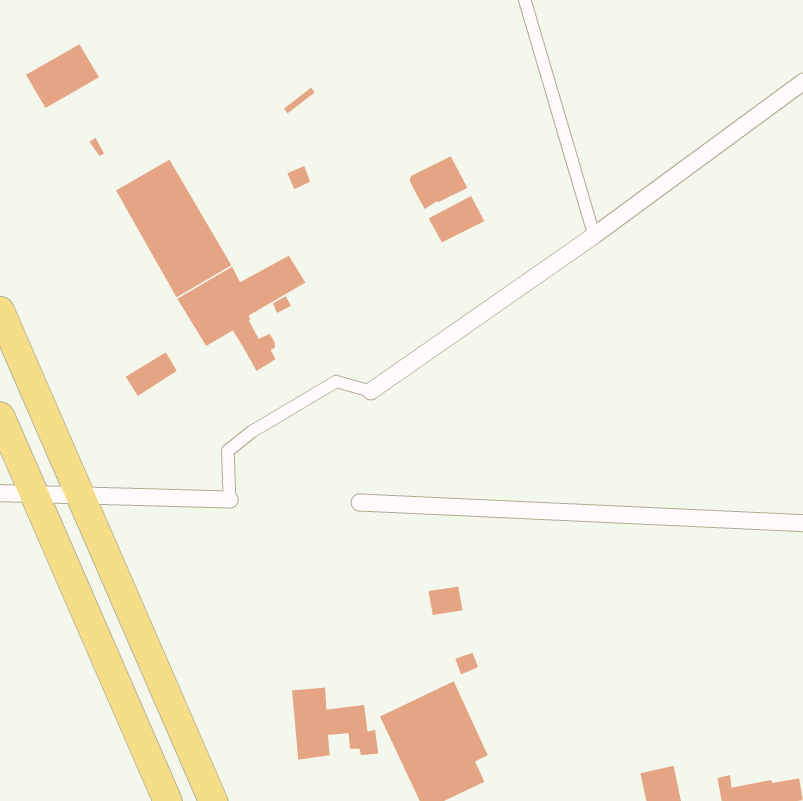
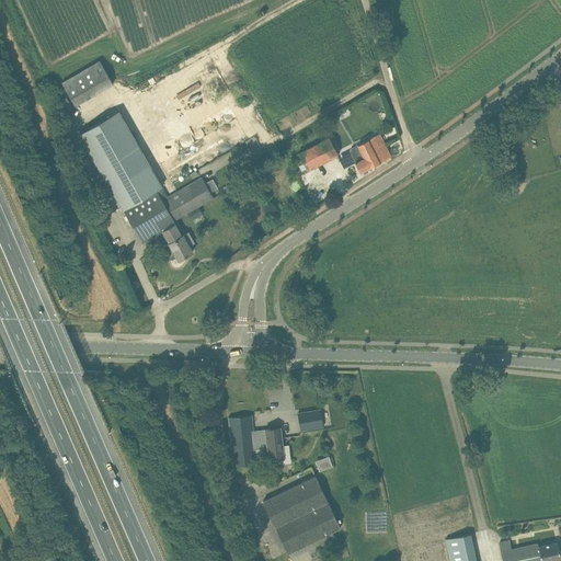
building: [25,43,100,109] -> [61,61,114,107]
building: [409,155,468,210] -> [350,135,391,173]
building: [125,351,178,397] -> none
building: [291,687,379,761] -> [229,416,290,468]

